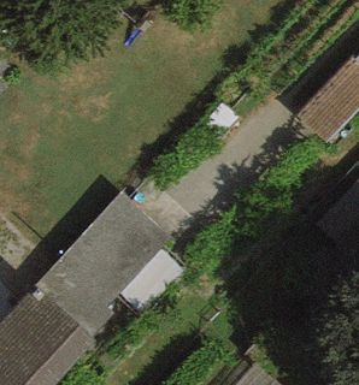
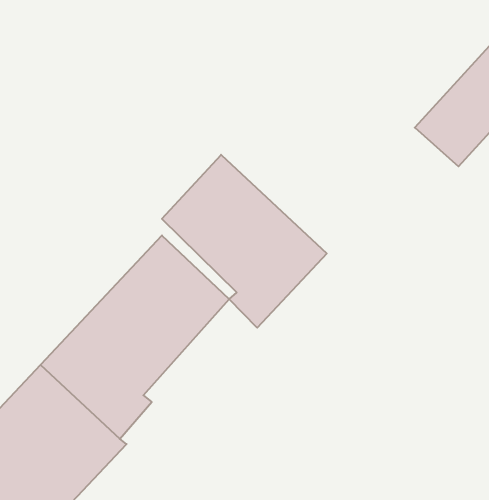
building: none -> [162,155,327,328]

